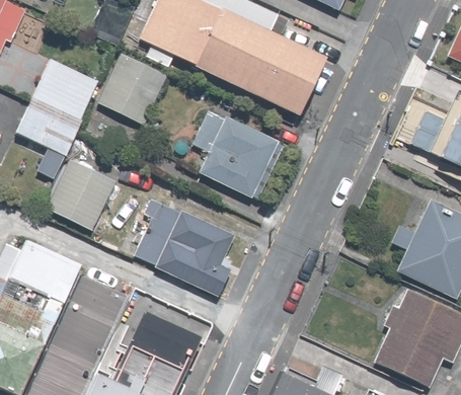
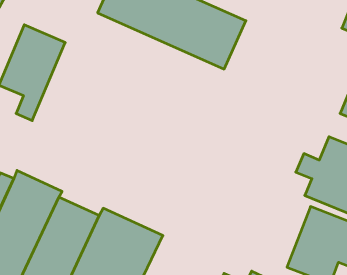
building: [95,52,158,121] -> none
building: [193,104,285,202] -> none
building: [46,156,120,232] -> none
building: [134,192,246,299] -> none

